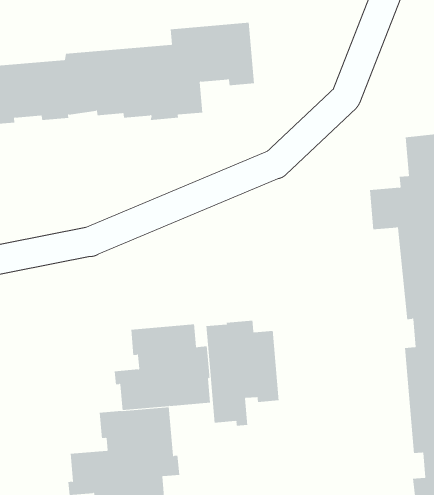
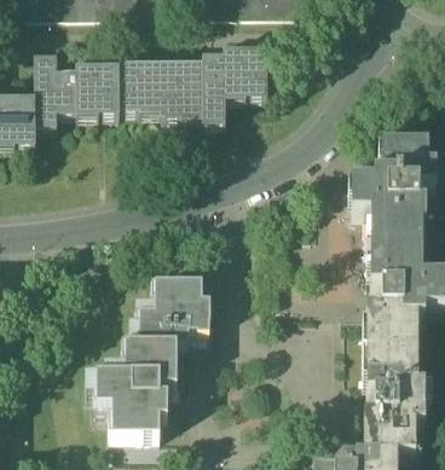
building: [206,320,279,427] -> none

